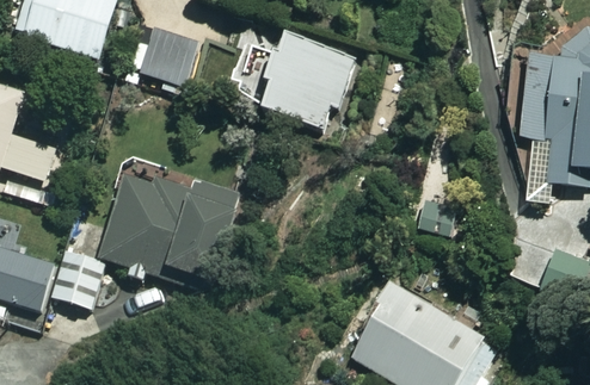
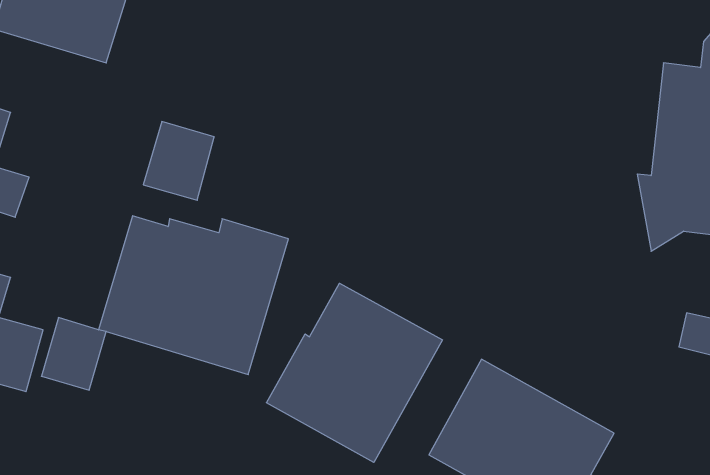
building: [140,29,195,89] -> [143,122,214,200]
building: [259,30,346,125] -> none
building: none -> [266,283,442,462]

